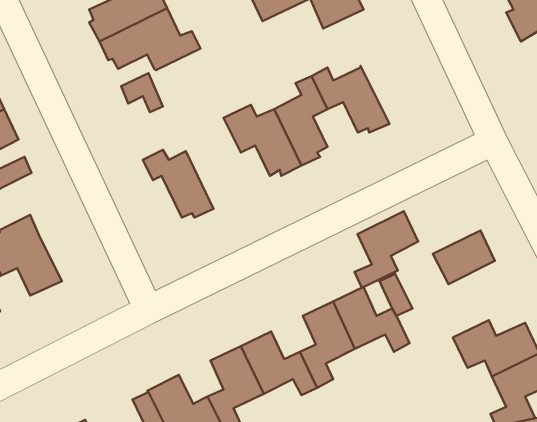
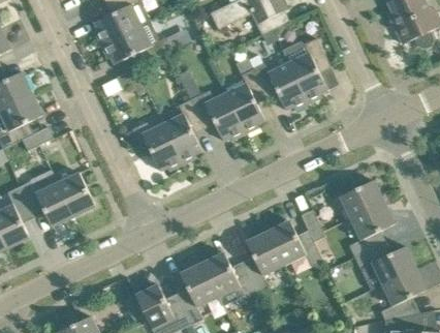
building: none -> [287,38,329,103]
building: none -> [162,99,201,164]
building: [355,211,418,288] -> [348,202,394,256]
building: none -> [57,172,95,216]

